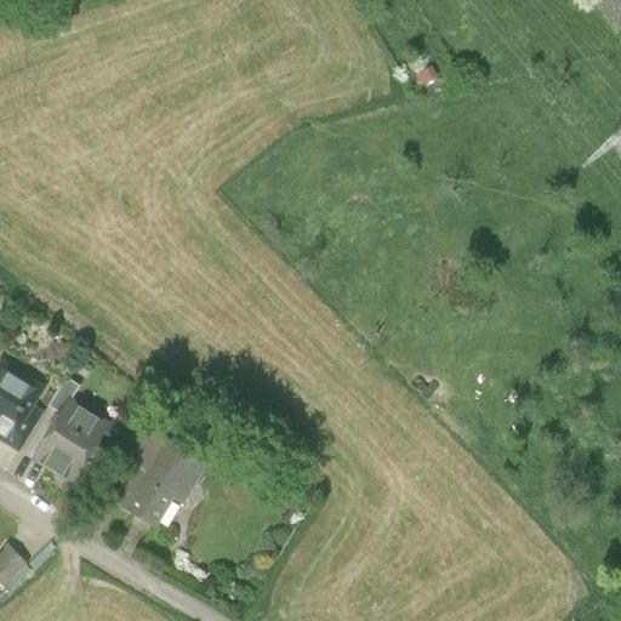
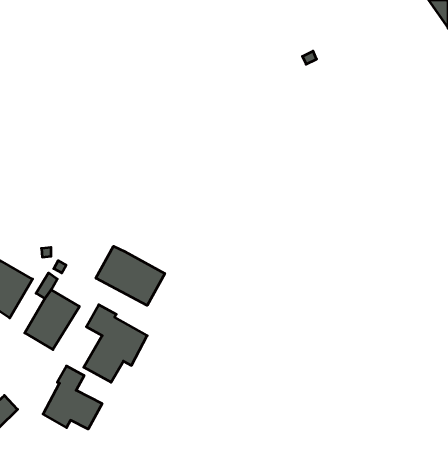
building: none -> [96,246,165,305]
building: none -> [43,366,102,429]

